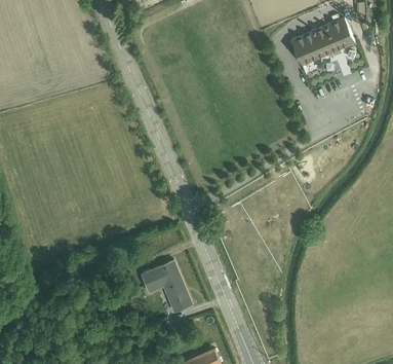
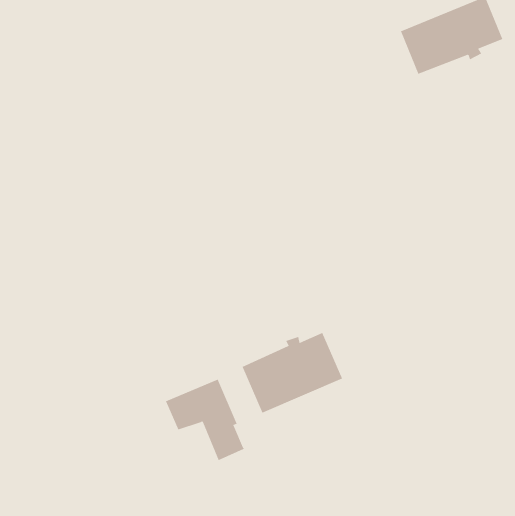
building: none -> [242,332,343,413]

